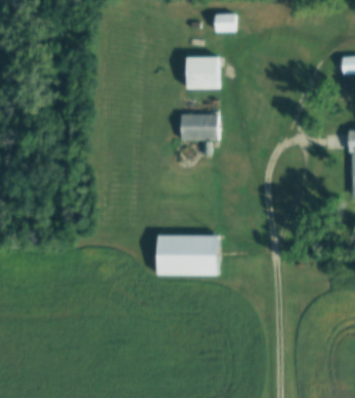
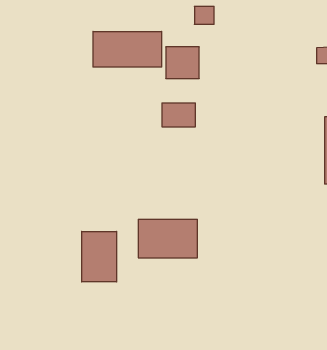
building: none -> [93,31,162,67]
building: none -> [82,231,117,282]

